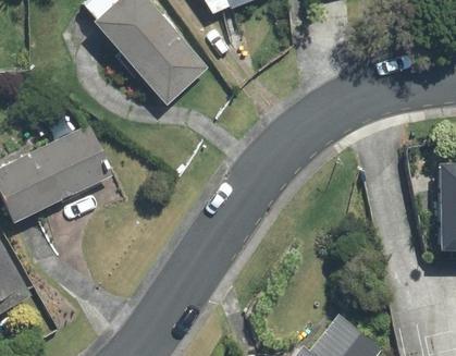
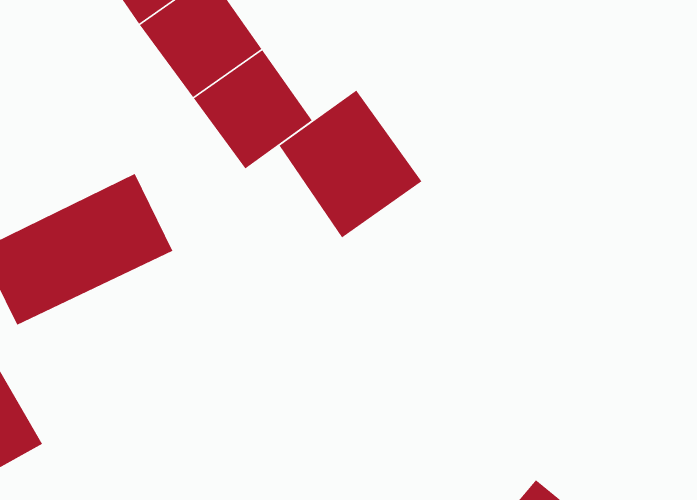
building: none -> [278,90,423,239]

